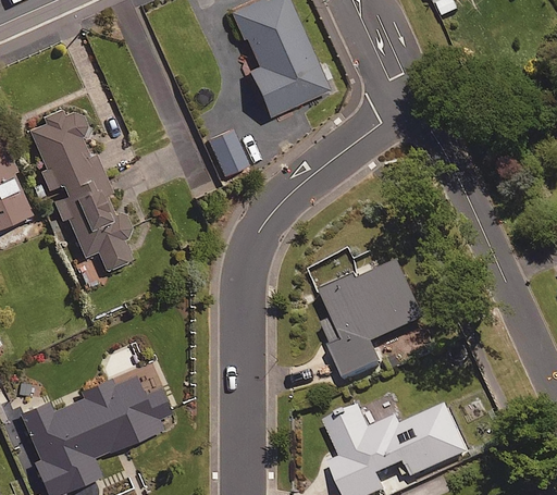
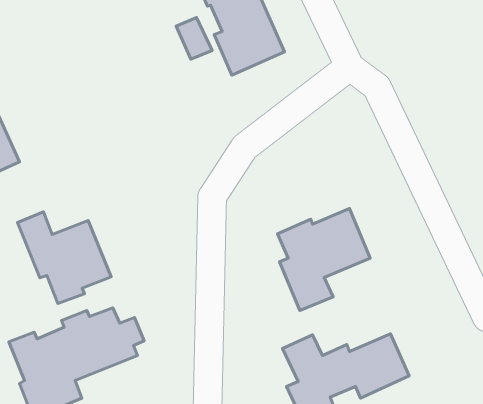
building: [28,107,134,271] -> none
building: [207,129,247,176] -> [176,17,212,59]
building: none -> [17,212,111,303]

